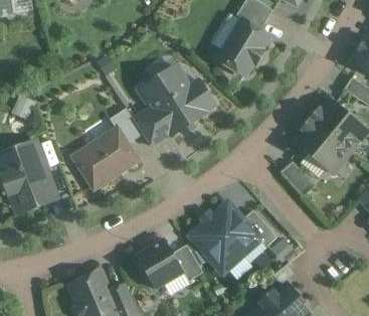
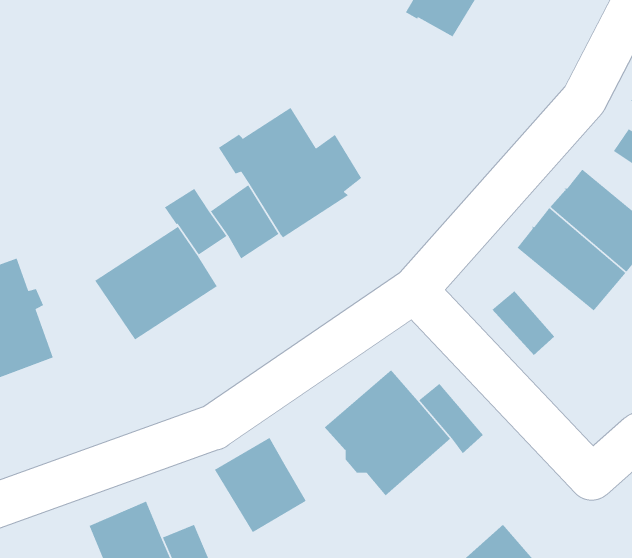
building: [218,19,268,74] -> none
building: [173,244,203,280] -> none

